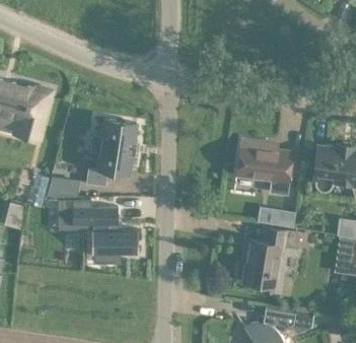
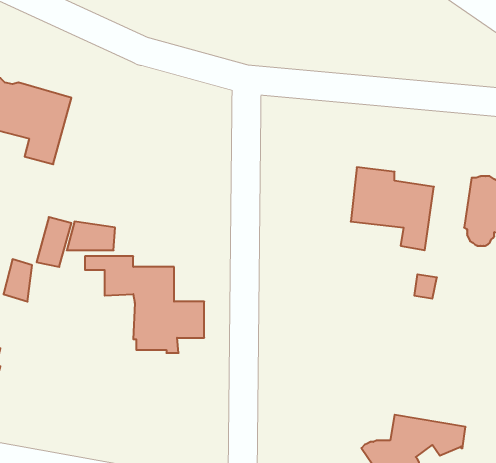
building: [85,119,136,186] -> none
building: [241,227,299,292] -> none

